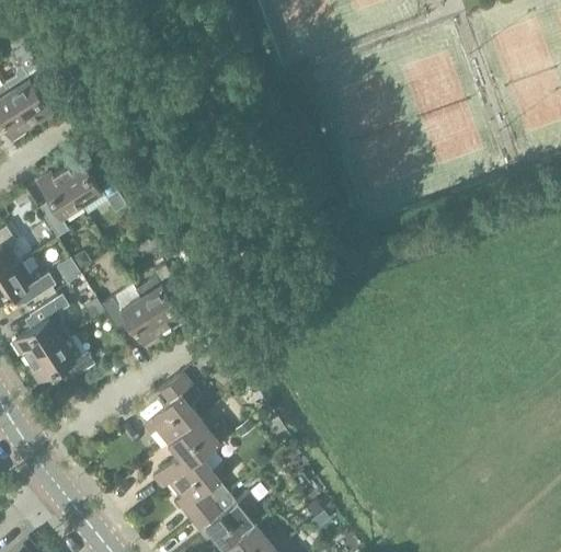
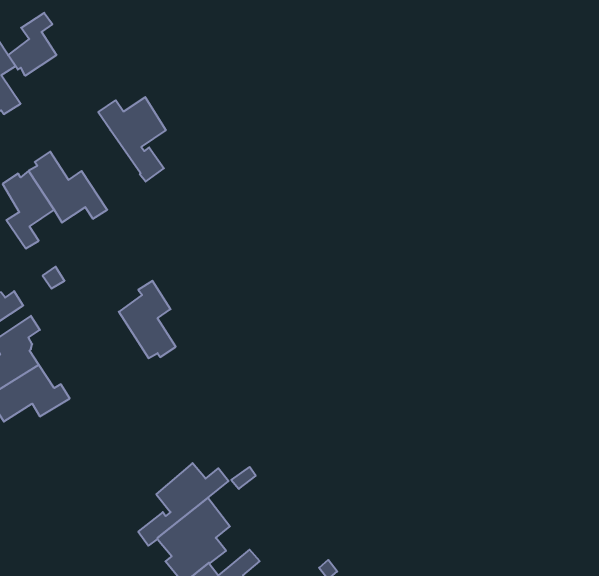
building: none -> [8,13,56,76]
building: none -> [98,97,166,182]
building: [100,285,161,346] -> none
building: [142,373,199,445] -> none

